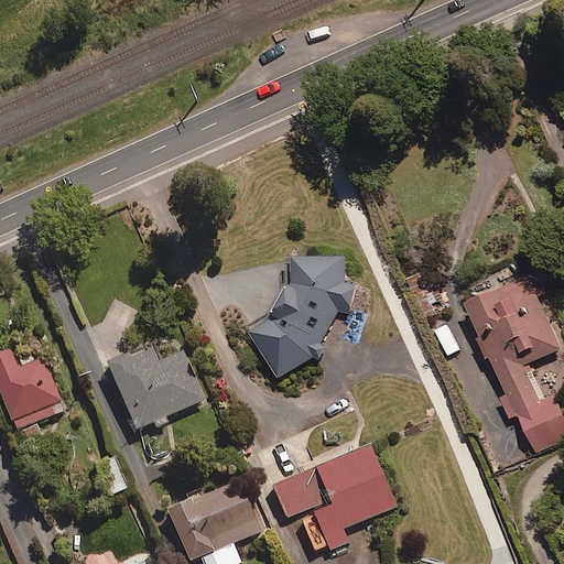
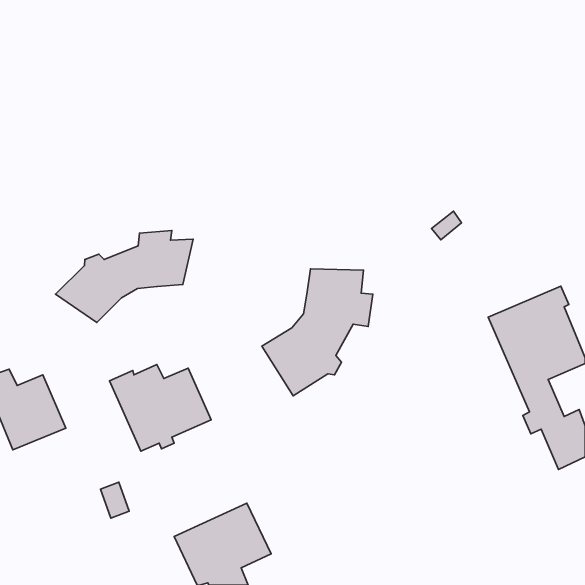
building: none -> [56,230,193,323]
building: [270,445,392,549] -> none

